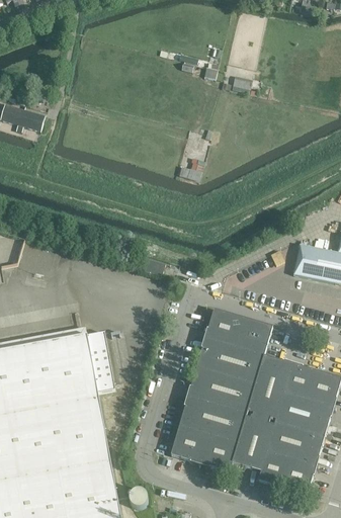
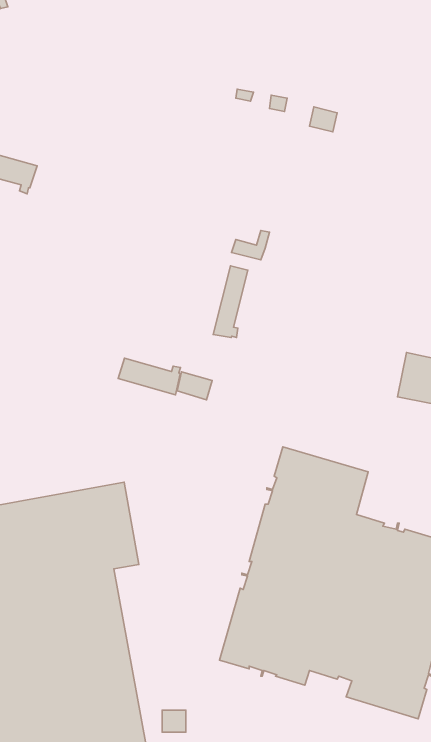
building: none -> [213,266,248,338]
building: none -> [118,358,181,395]

